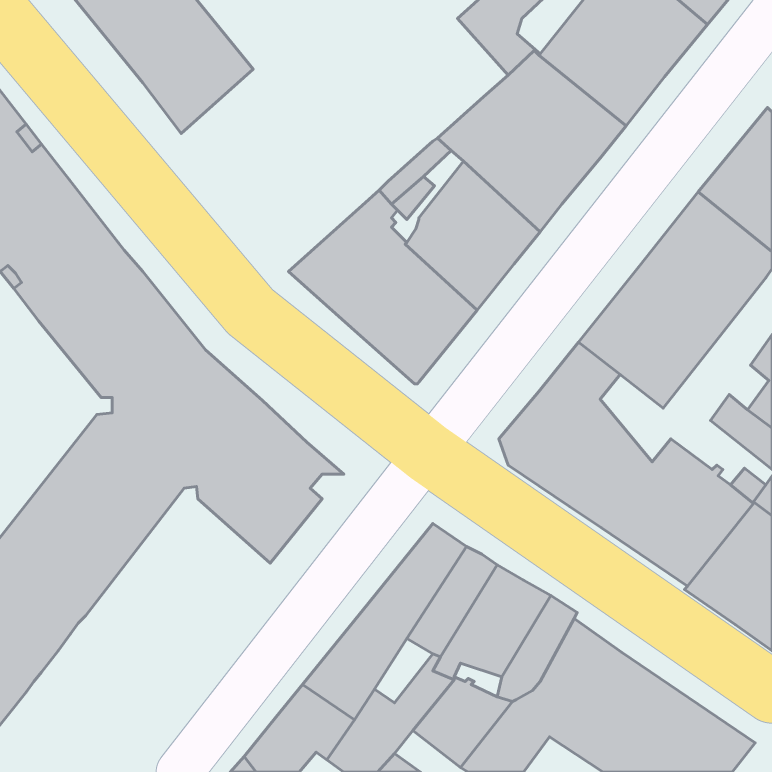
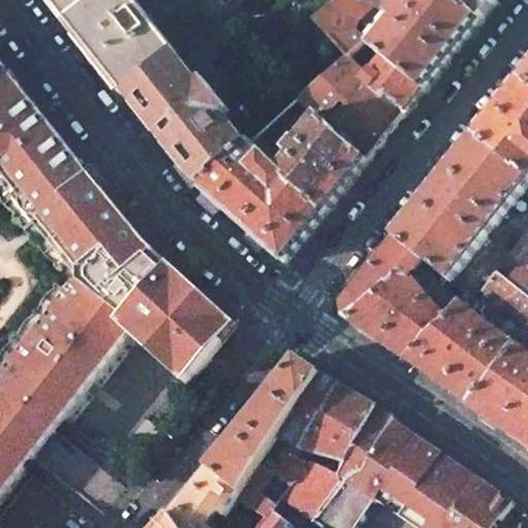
building: none -> [122,46,243,183]

